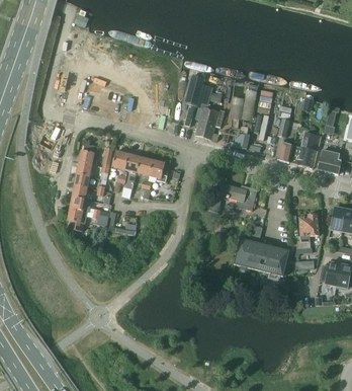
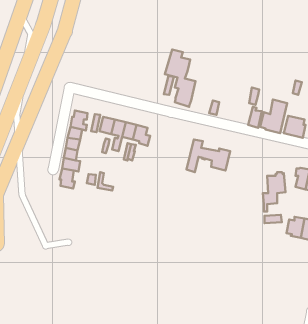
building: [234,224,288,276] -> none

